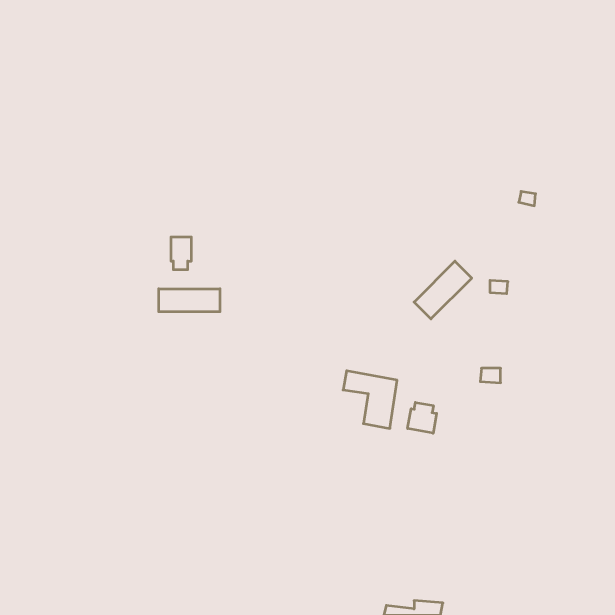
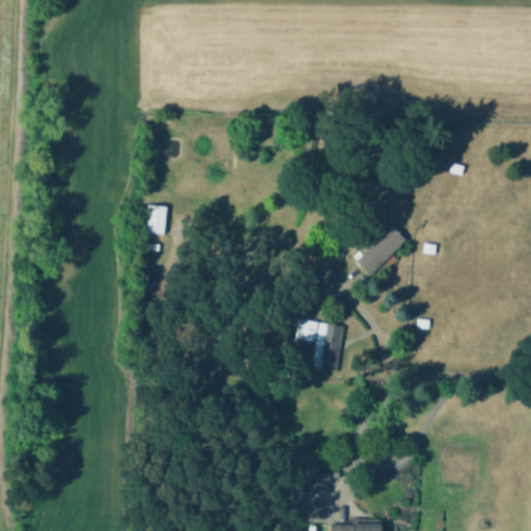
building: [159,289,220,312] -> none
building: [408,402,437,433] -> none

